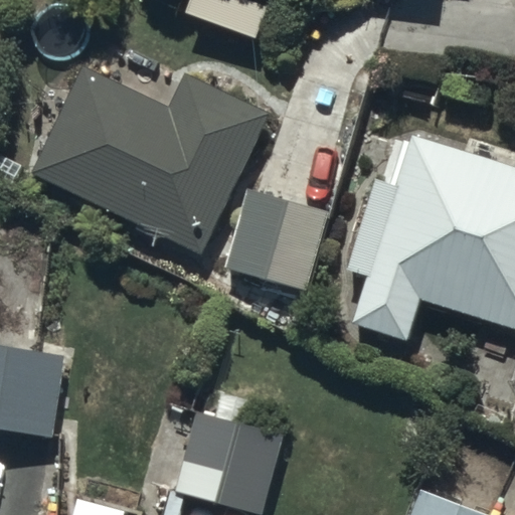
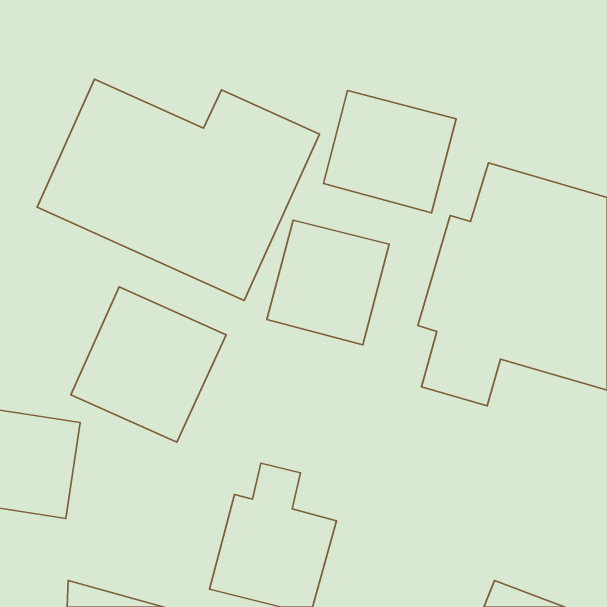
building: none -> [324,90,456,213]
building: none -> [71,287,226,442]

